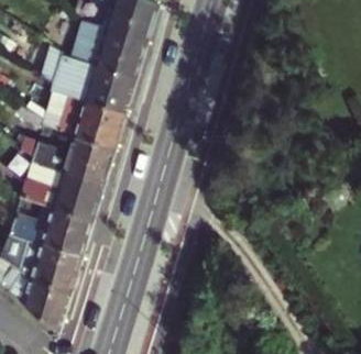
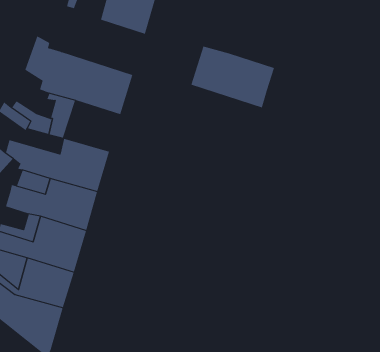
building: [70,24,146,80] -> [191,46,275,108]
building: [73,103,124,150] -> none

